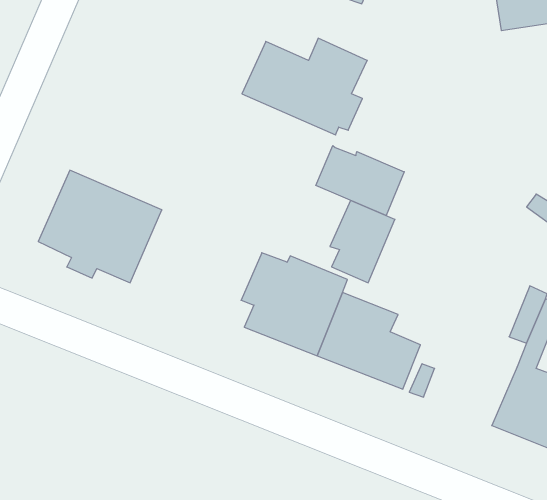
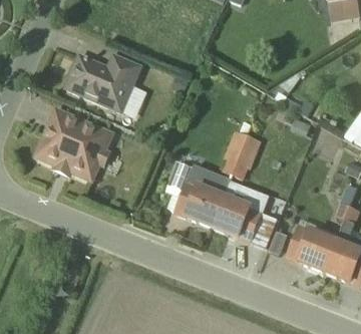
building: [242,38,367,135] -> [64,52,143,113]
building: [316,146,404,216] -> none
building: none -> [287,219,339,271]

